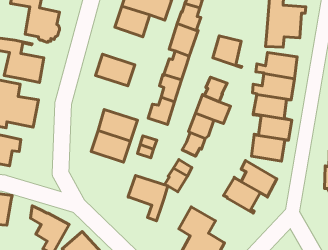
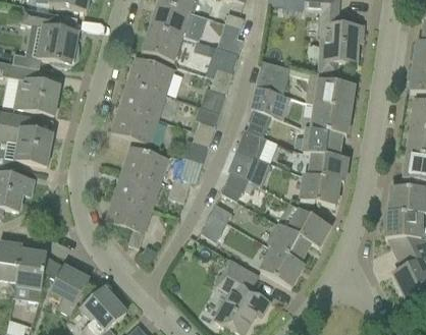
building: none -> [127,57,173,94]
building: none -> [251,86,288,118]
building: none -> [111,106,157,144]
building: [128,175,168,221] -> [106,194,152,247]
building: none -> [260,248,303,287]
building: none -> [16,250,47,301]

